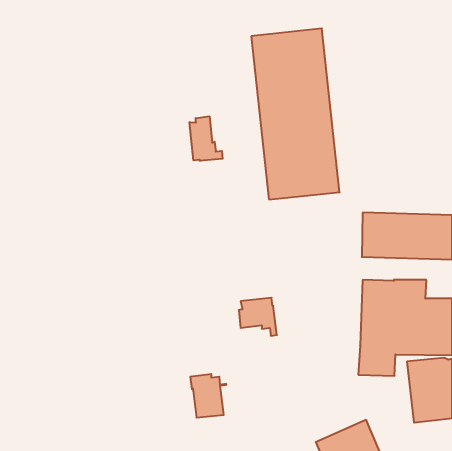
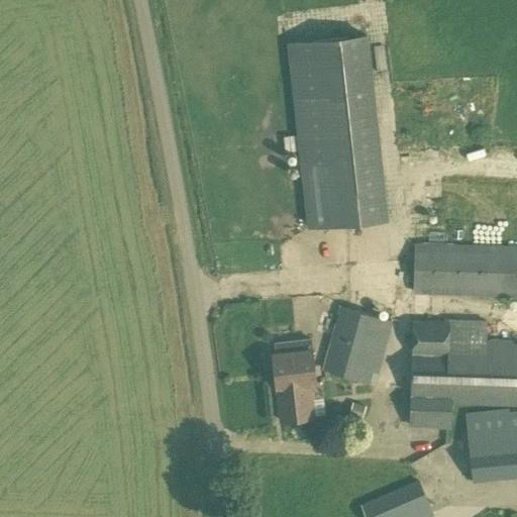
building: [190,116,223,161] -> none
building: none -> [323,307,392,385]
building: [190,374,226,418] -> [275,373,316,422]

